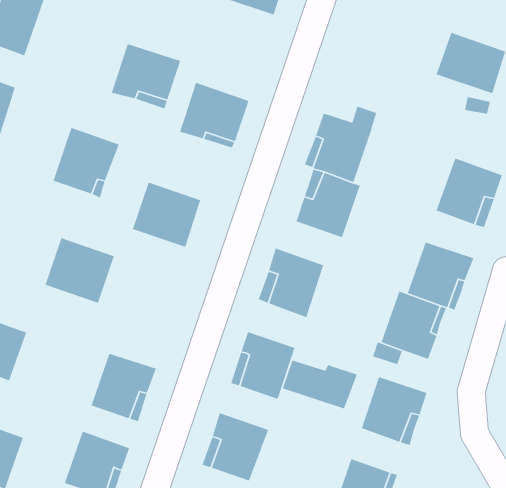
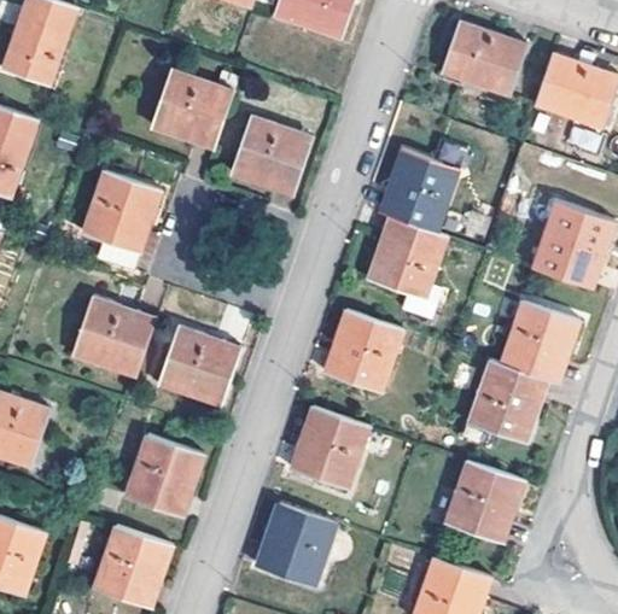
building: none -> [441,24,525,98]
building: [132,181,201,248] -> [157,327,239,405]
building: [282,359,358,410] -> none

